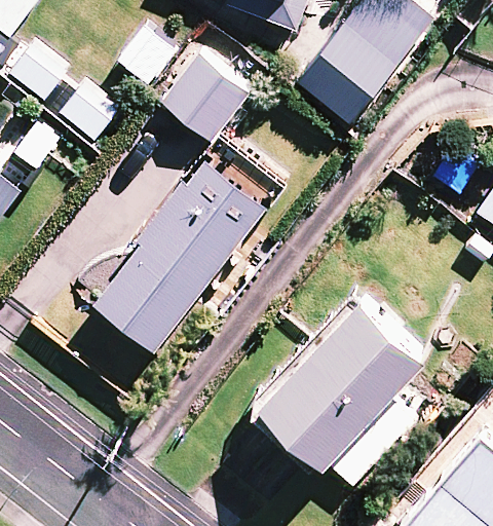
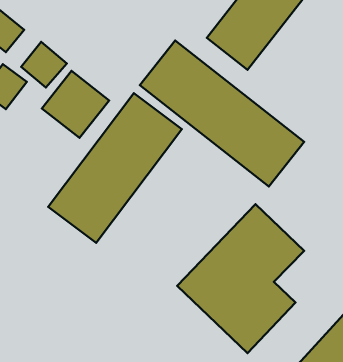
building: [161,57,248,143] -> [42,71,109,138]
building: none -> [140,40,304,187]

